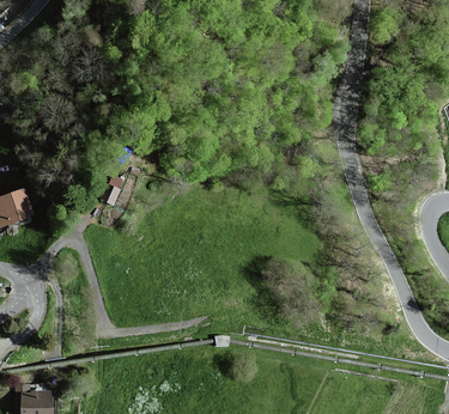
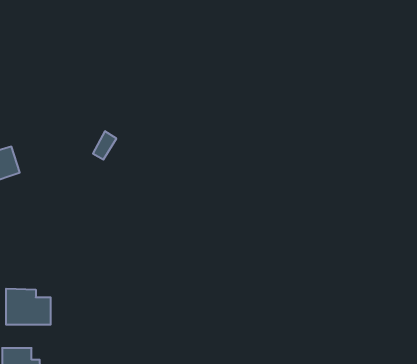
building: none -> [6,289,51,325]

